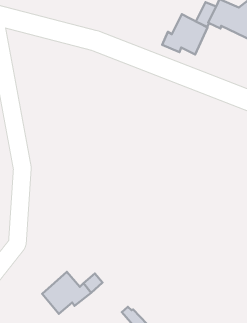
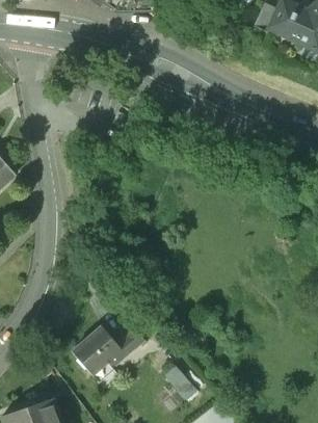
building: [162,14,207,54] -> none

